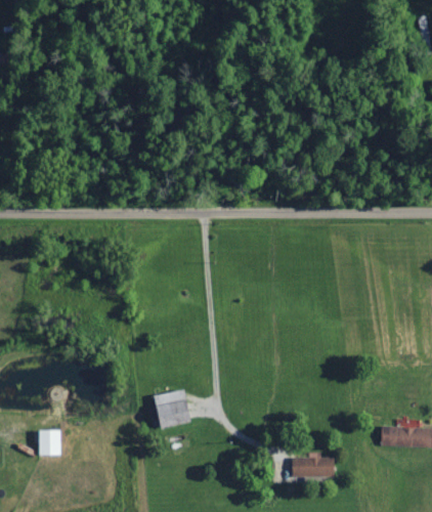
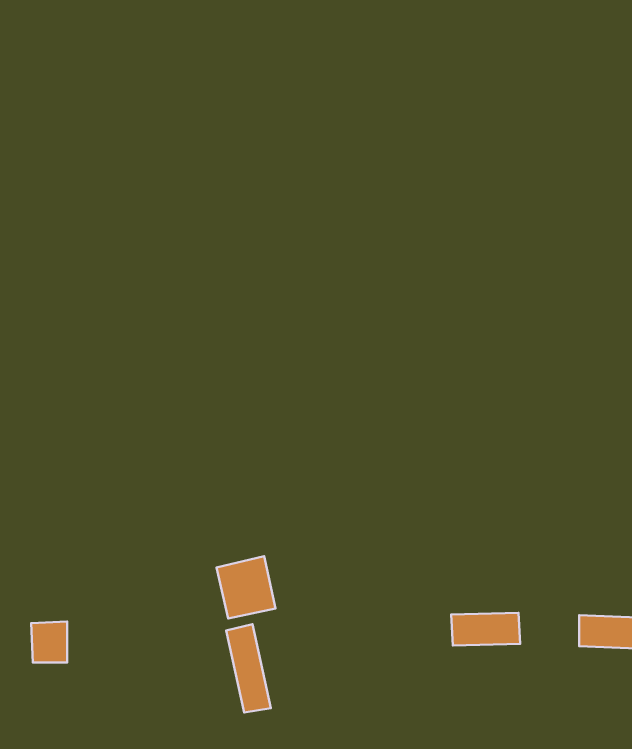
building: none -> [226,624,271,713]
building: [291,457,334,477] -> [451,613,520,646]

